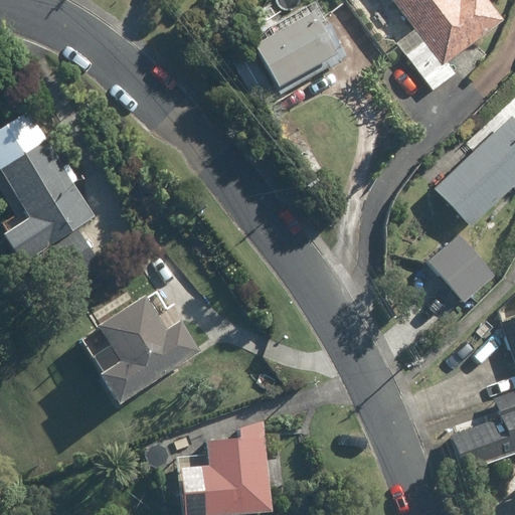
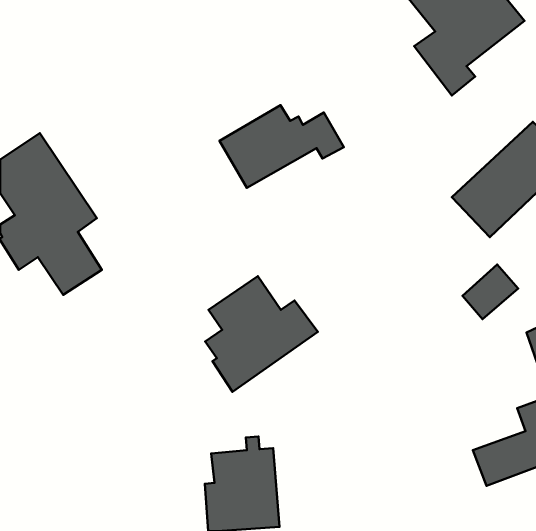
building: [254,14,373,94] -> [220,105,344,188]
building: [91,290,198,400] -> [205,276,318,392]

